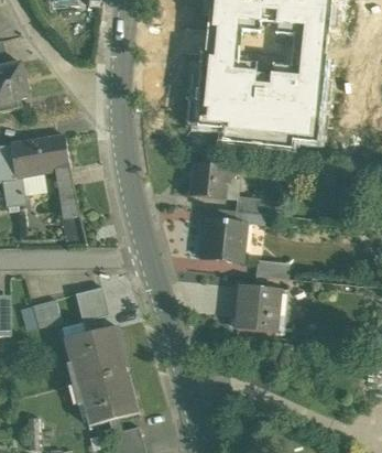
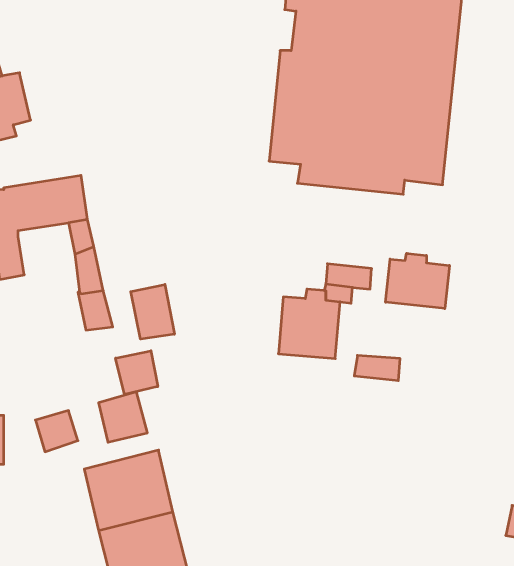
building: [189,163,233,199] -> none
building: none -> [386,253,449,309]
building: none -> [131,284,174,339]
building: none -> [116,351,158,395]
building: [237,285,287,334] -> none

